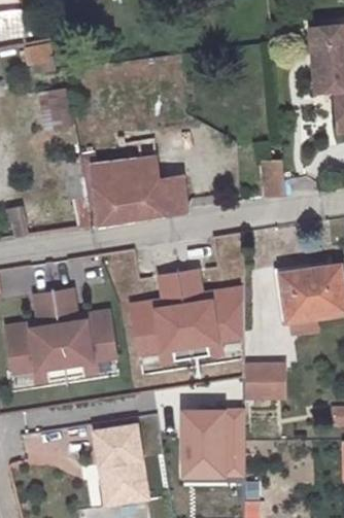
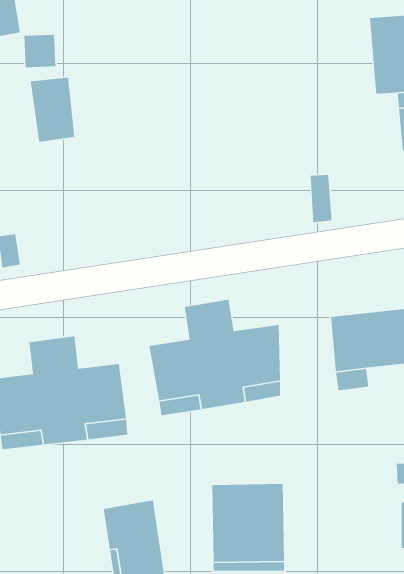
building: [81,137,187,223] -> none
building: [248,364,280,394] -> none

